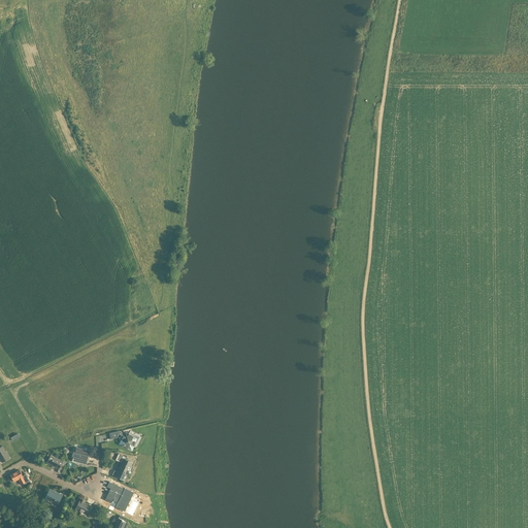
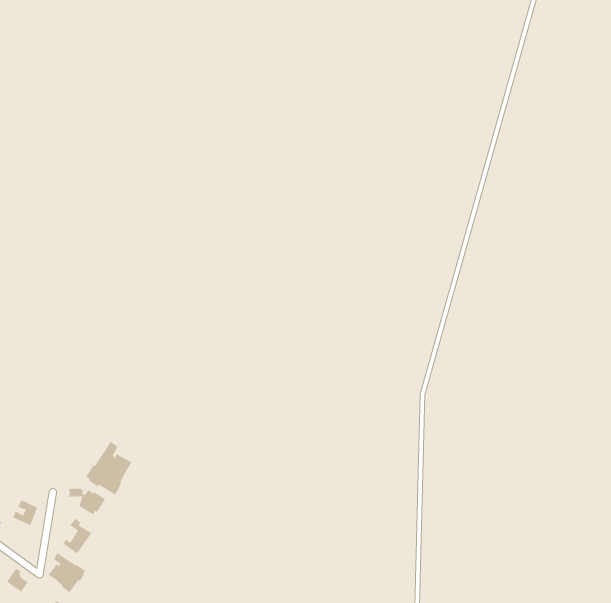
building: none -> [86,441,132,496]

